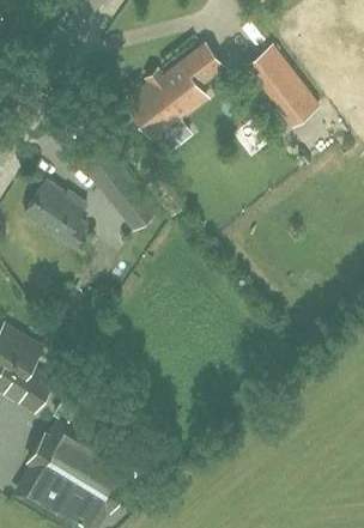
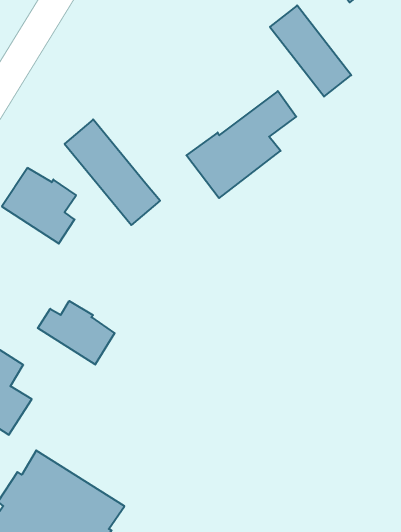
building: [127,48,219,138] -> [186,91,296,198]
building: none -> [38,301,115,365]

